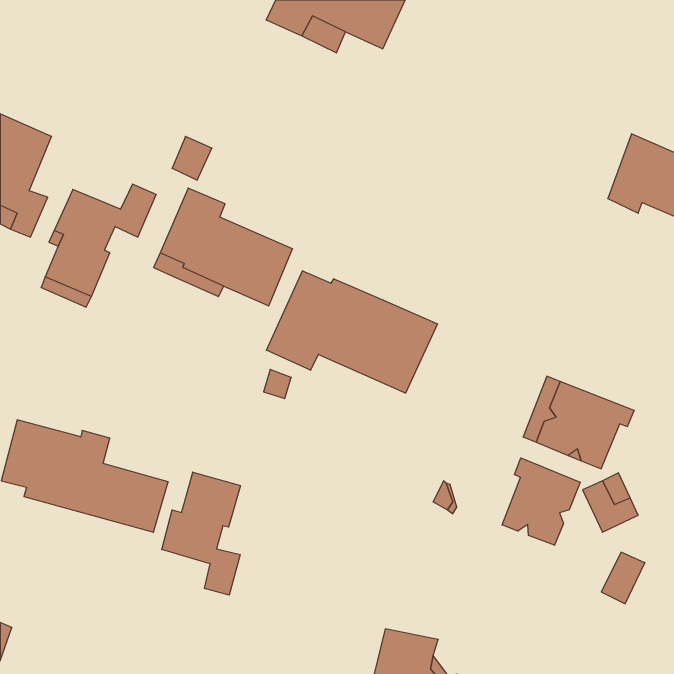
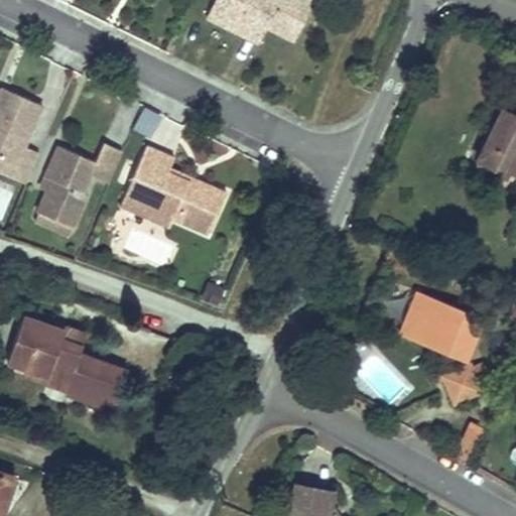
building: [266,271,438,393] -> none
building: [502,458,580,545] -> none
building: [162,472,240,595] -> none

